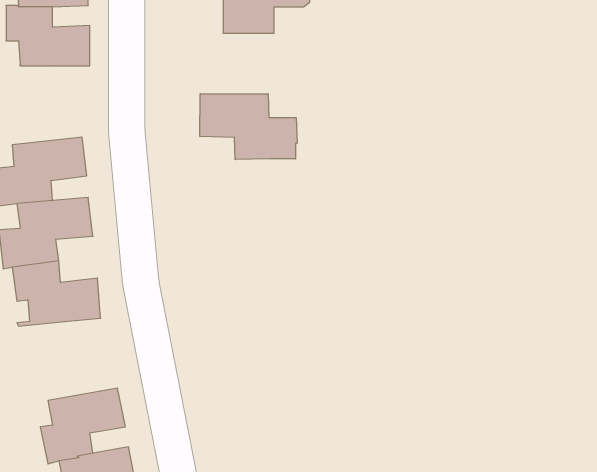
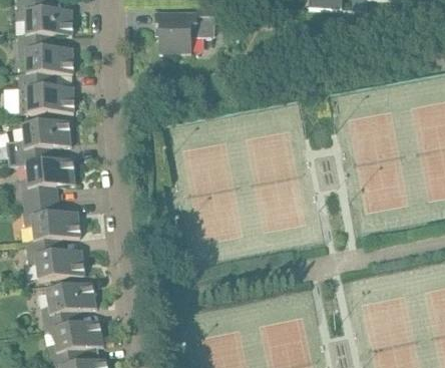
building: none -> [20,72,74,112]
building: [200,94,297,160] -> none
building: none -> [27,239,84,280]

